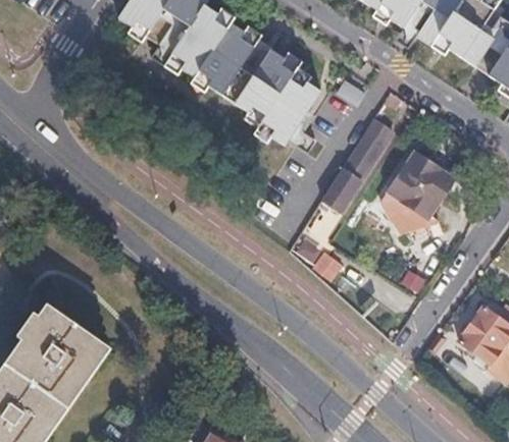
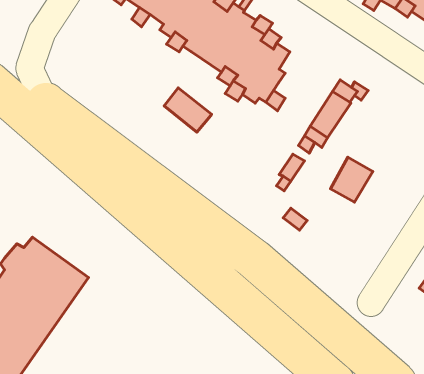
building: none -> [164,88,212,132]
building: [393,152,458,216] -> none

